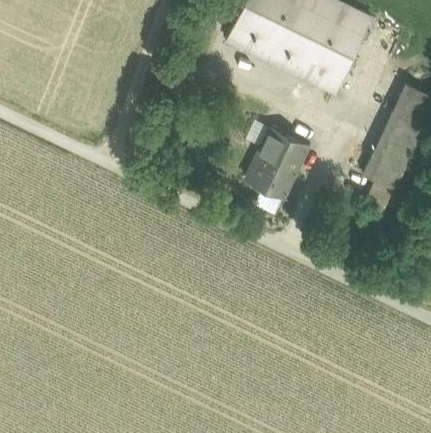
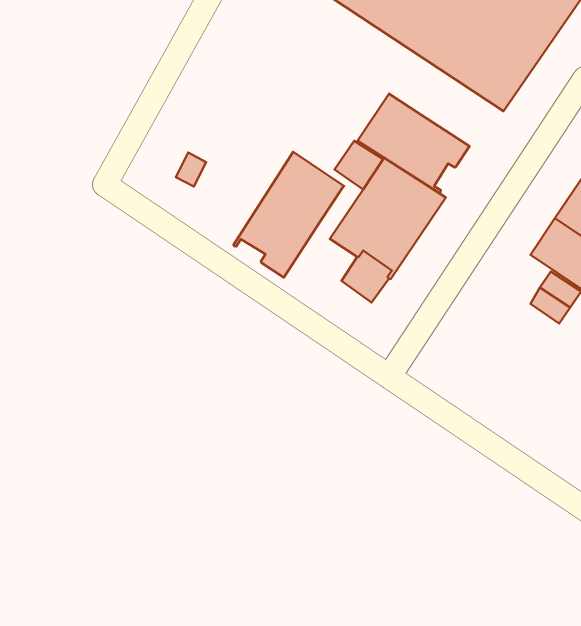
building: none -> [357,93,470,193]
building: none -> [234,152,344,278]

